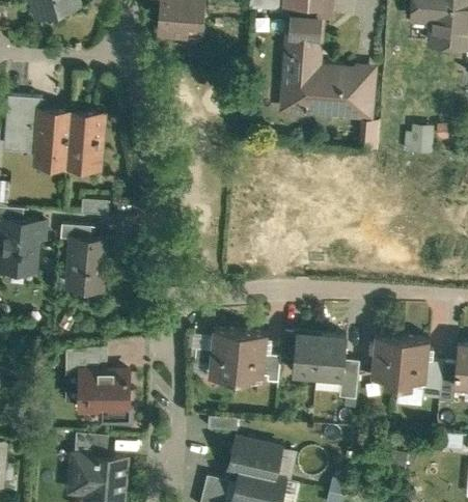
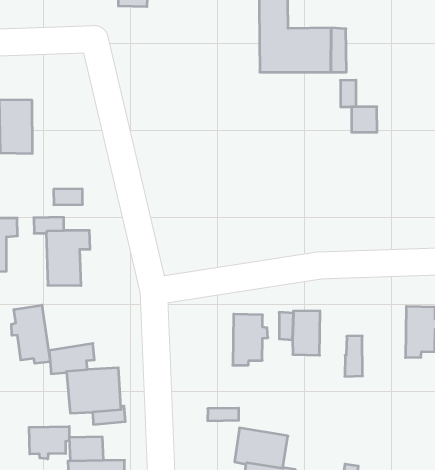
building: [66,115,102,166] -> none
building: [406,127,432,152] -> [351,107,377,132]
building: none -> [11,305,50,363]
building: [207,330,241,380] -> none
building: [318,336,347,380] -> none
building: [368,336,403,387] -> none
building: none -> [29,426,69,459]

